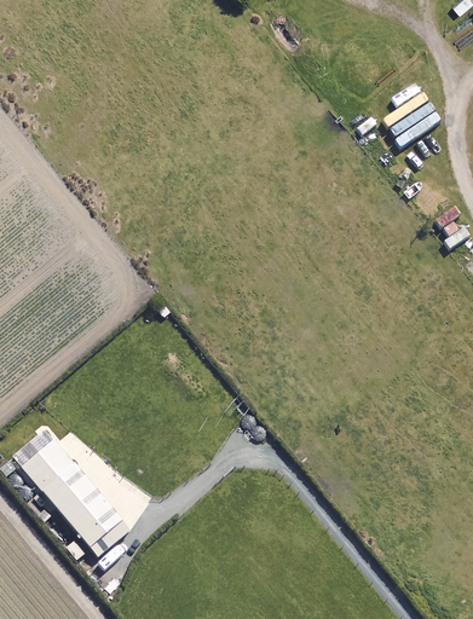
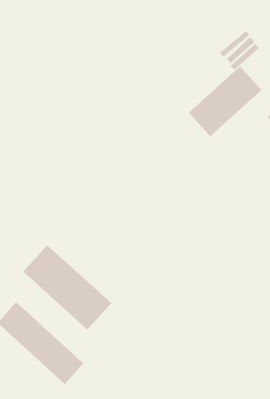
building: none -> [188,65,262,137]
building: none -> [22,244,112,330]

